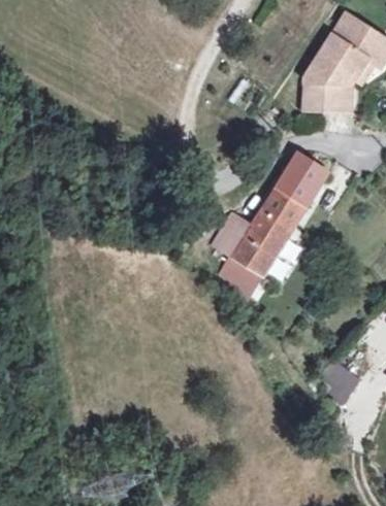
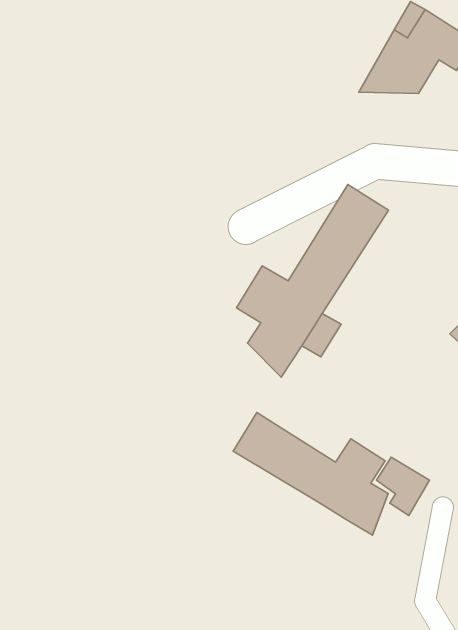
building: [303,81,351,110] -> none
building: none -> [233,413,388,535]

